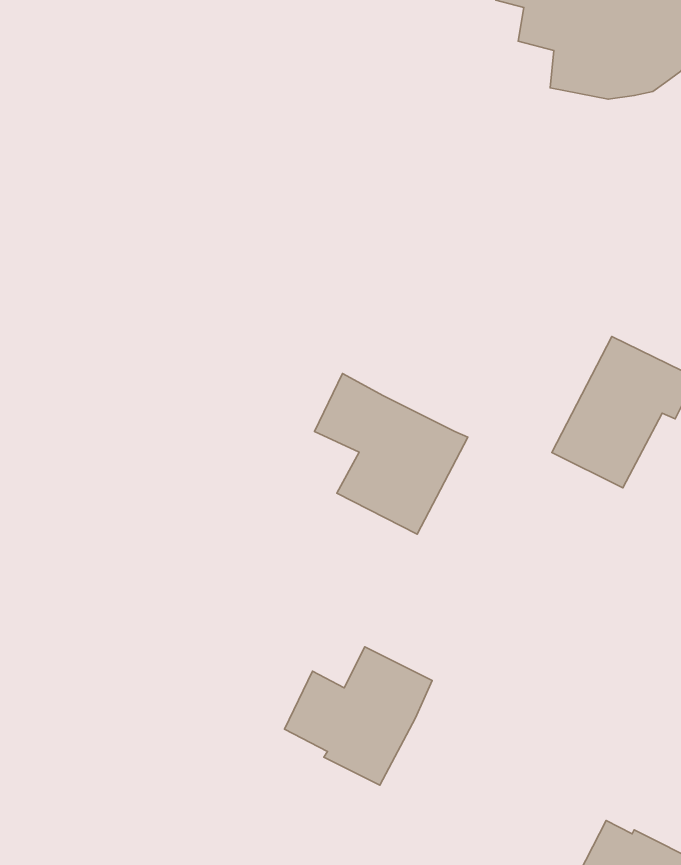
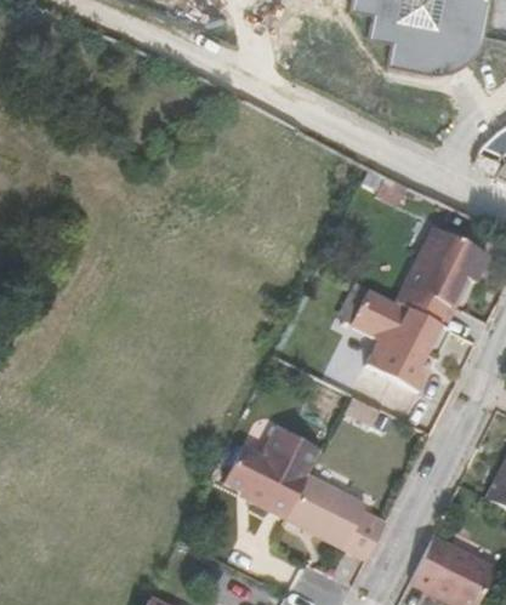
building: [314,374,468,534] -> [351,286,450,390]
building: none -> [284,473,383,558]

